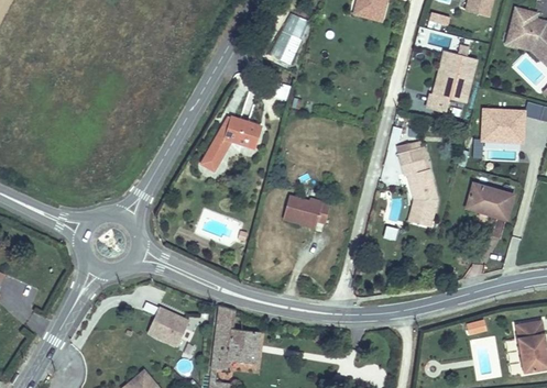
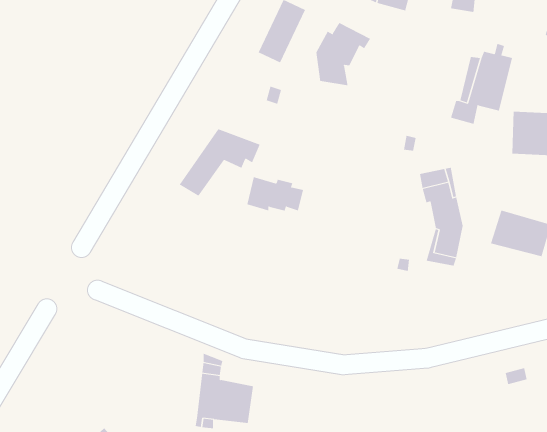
building: none -> [316,22,371,86]
building: [284,201,331,230] -> [246,176,304,211]
building: [143,304,186,345] -> none

